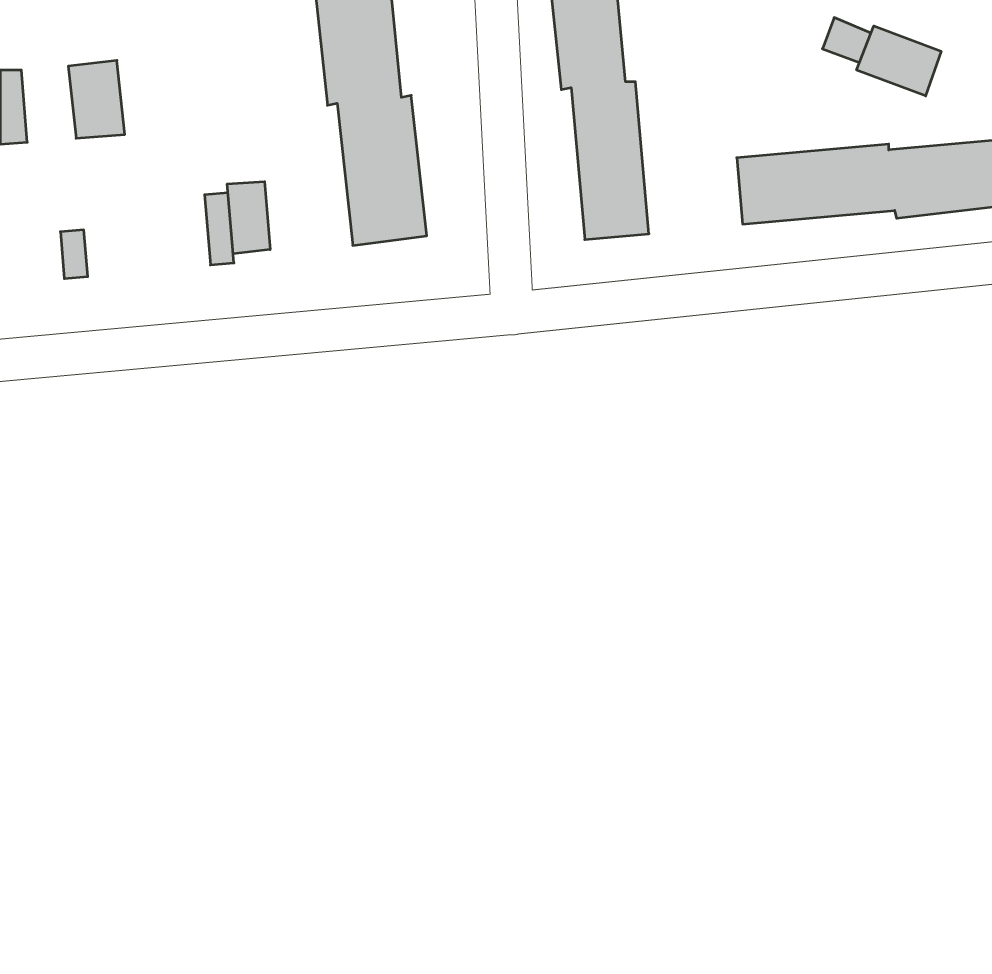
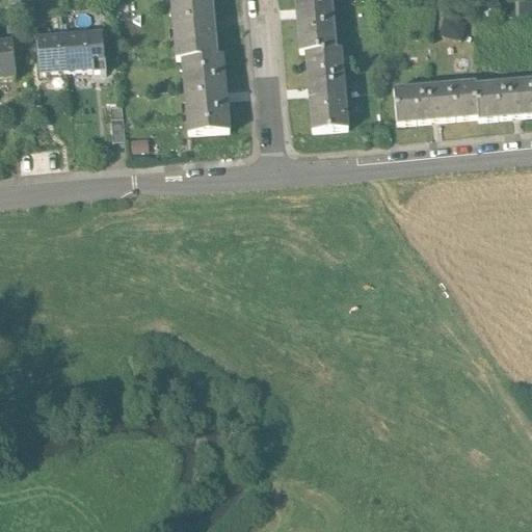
building: [857,26,941,96] -> none
building: none -> [64,30,95,72]
building: [227,182,270,254] -> none

